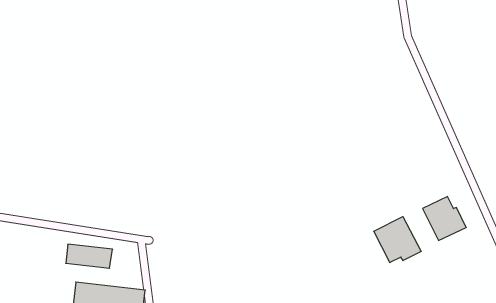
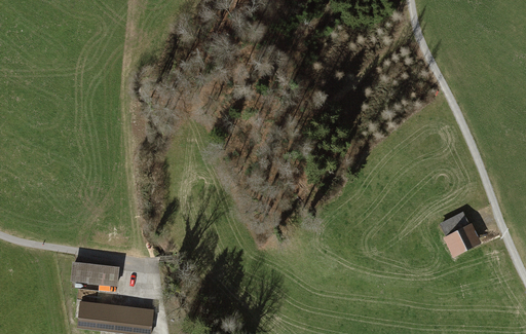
building: [374,217,421,263] -> none

